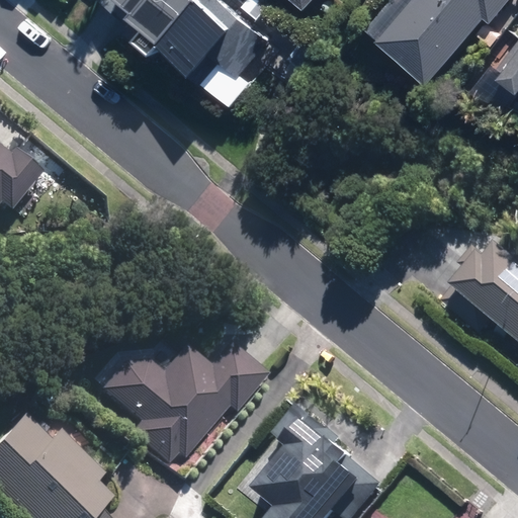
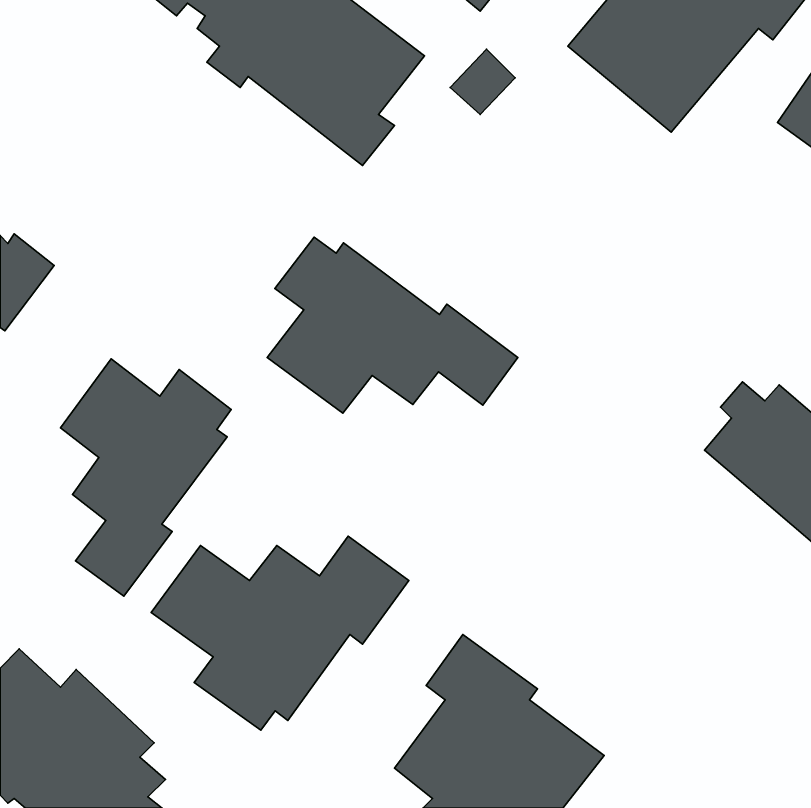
building: none -> [267,237,518,413]
building: none -> [61,359,231,596]

